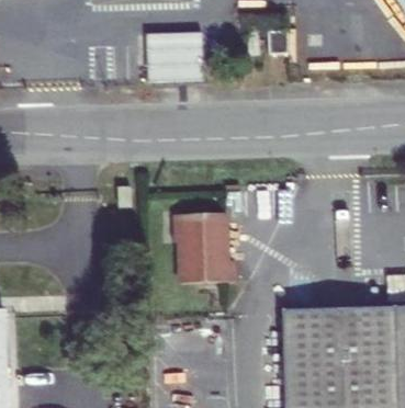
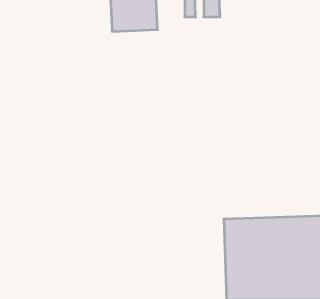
building: [165,222,230,293] -> none

